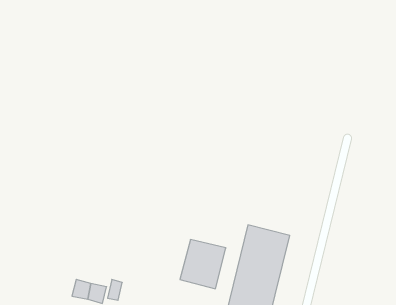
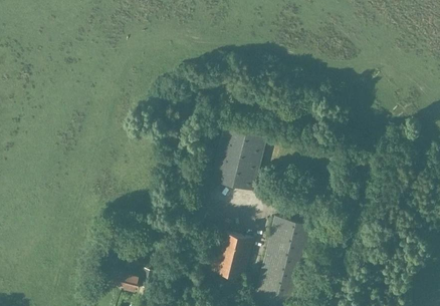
building: none -> [210,122,266,192]

